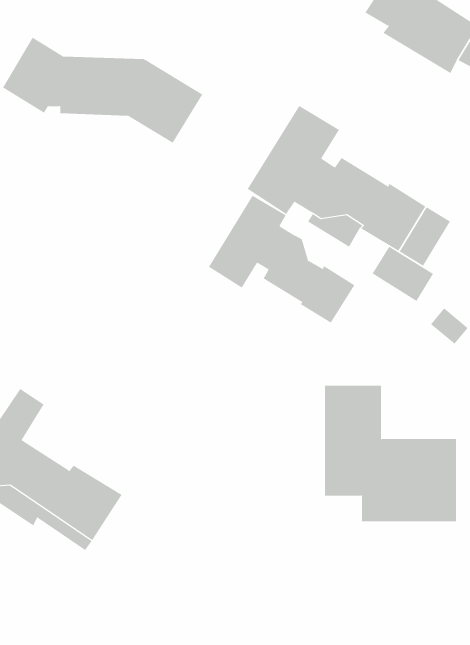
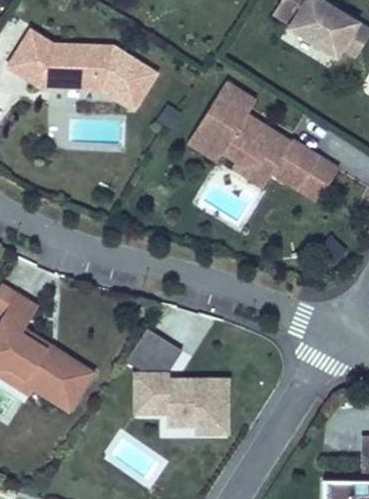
building: [208,195,355,323] -> none
building: [372,246,434,302] -> none
building: [324,385,457,522] -> [133,335,231,436]

